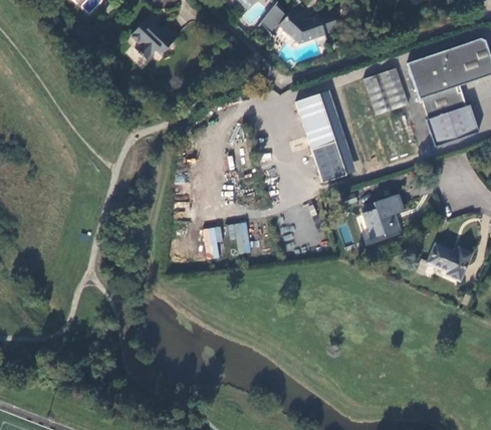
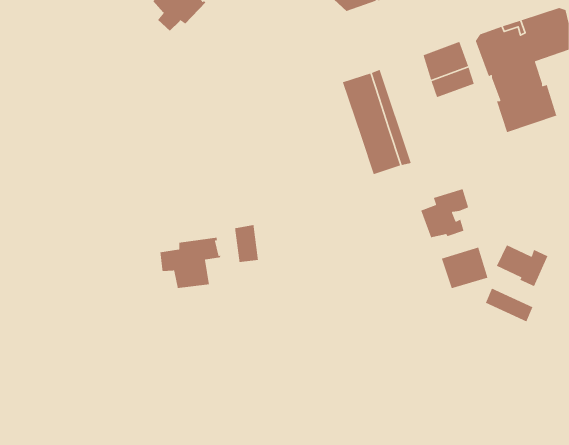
building: [227,221,251,253] -> none
building: none -> [160,237,221,289]
building: none -> [441,247,489,289]
building: none -> [485,287,533,323]

